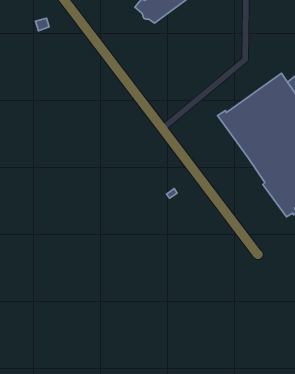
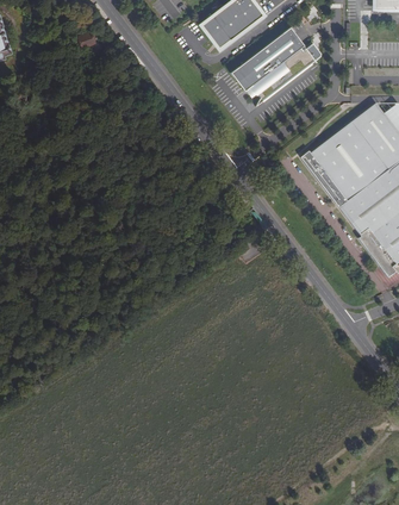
building: none -> [231,26,316,100]

